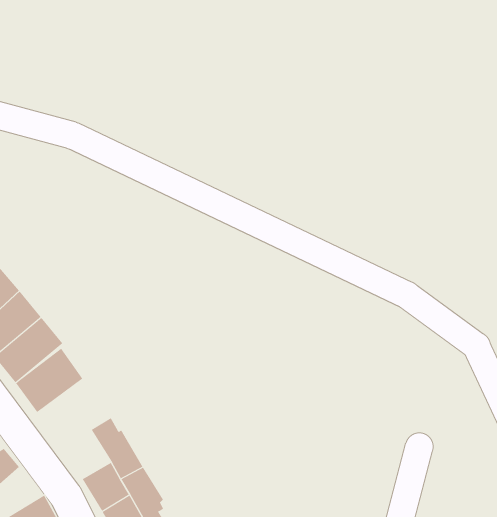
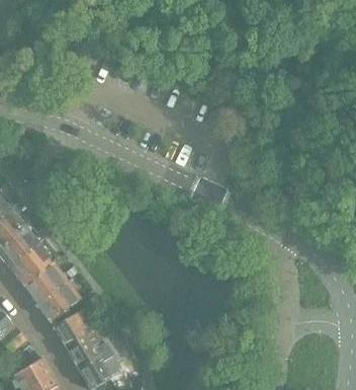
building: none -> [35,280,80,320]
building: none -> [53,313,84,345]

